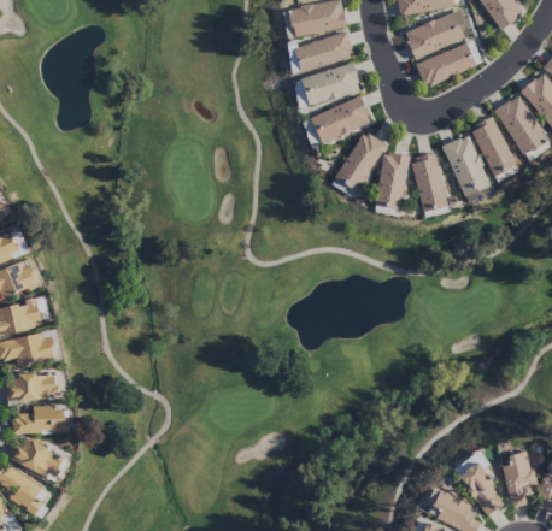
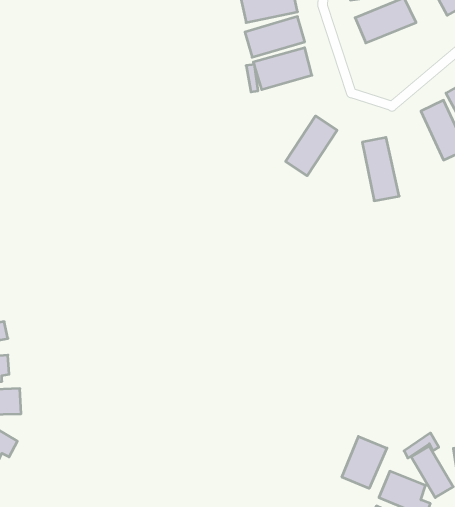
building: [417,42,477,87] -> none
building: [311,95,372,143] -> none
building: [445,135,489,195] -> none
building: [376,151,411,208] -> none
building: none -> [342,436,387,488]

